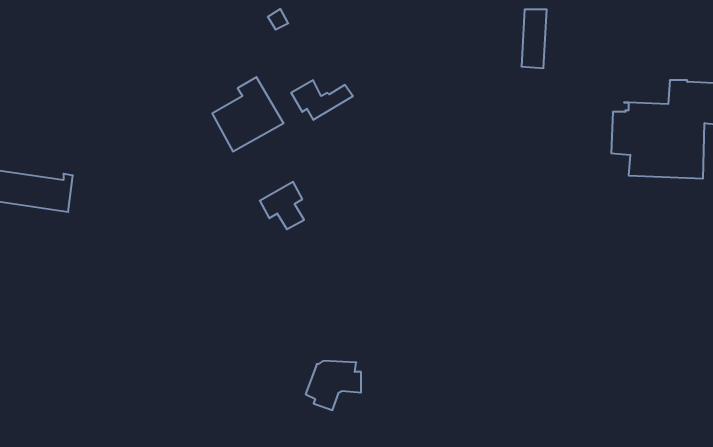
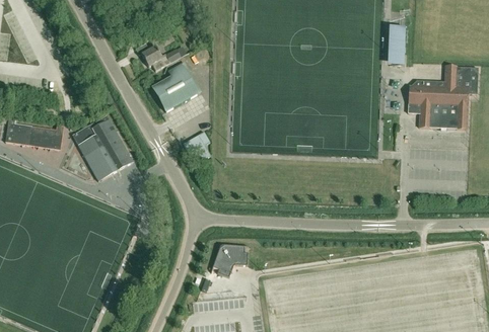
building: [521,9,547,68] -> [389,26,405,64]
building: [291,80,353,120] -> [141,45,181,70]
building: none -> [72,114,132,179]

